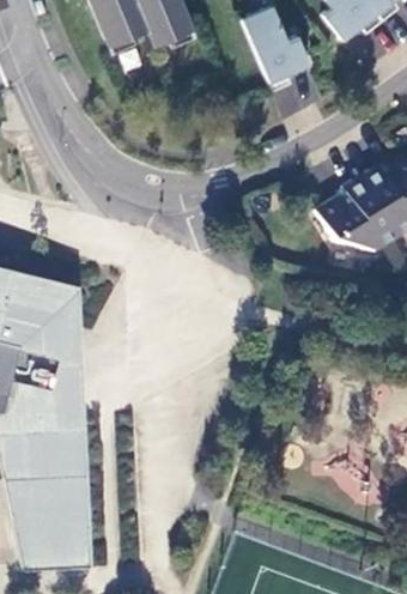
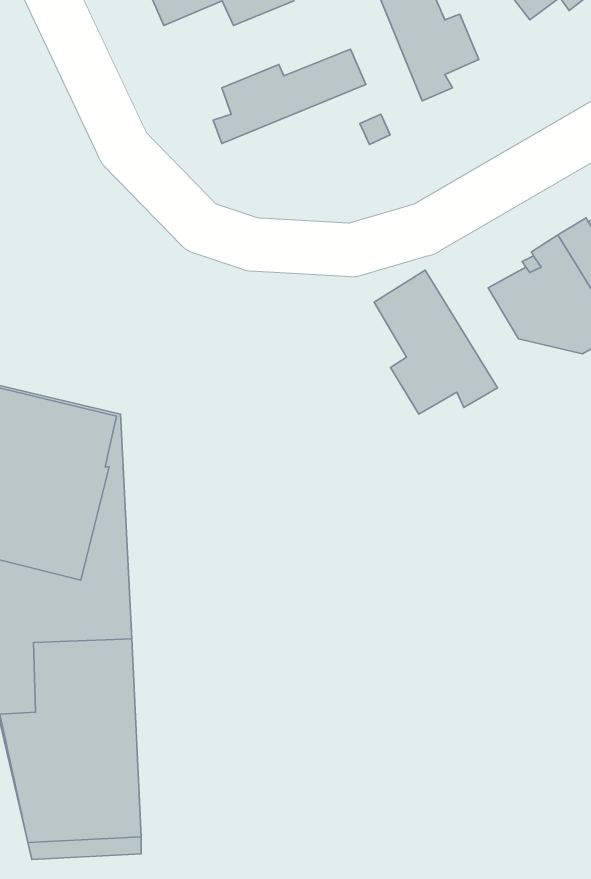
building: none -> [213,49,366,143]
building: none -> [374,270,497,414]

